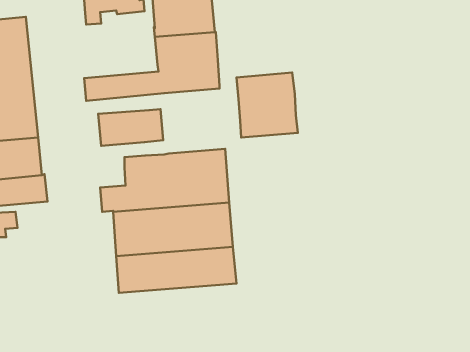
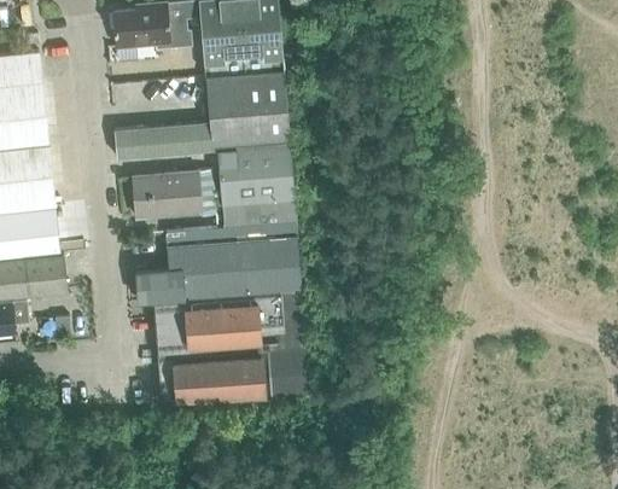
building: [237,73,298,138] -> [217,144,296,227]

